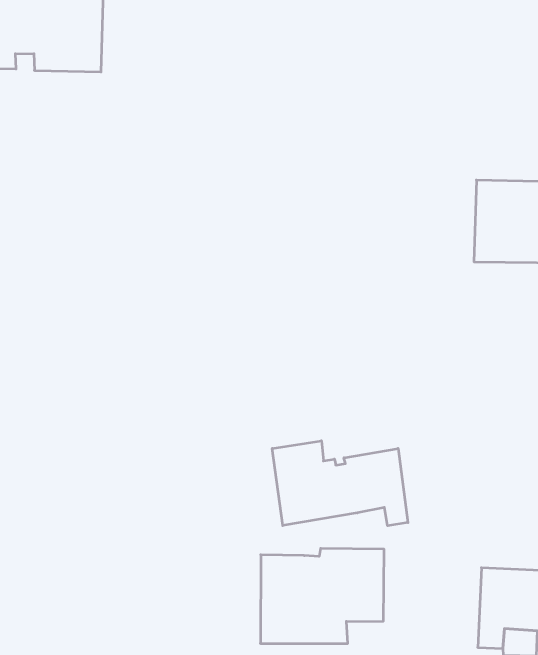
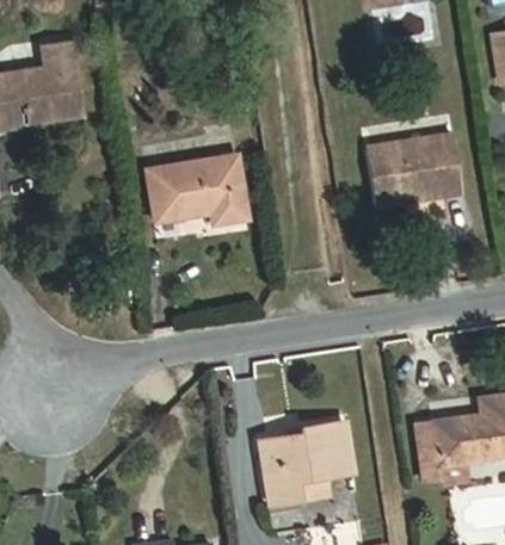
building: none -> [146,154,247,223]
building: [272,441,408,526] -> none

